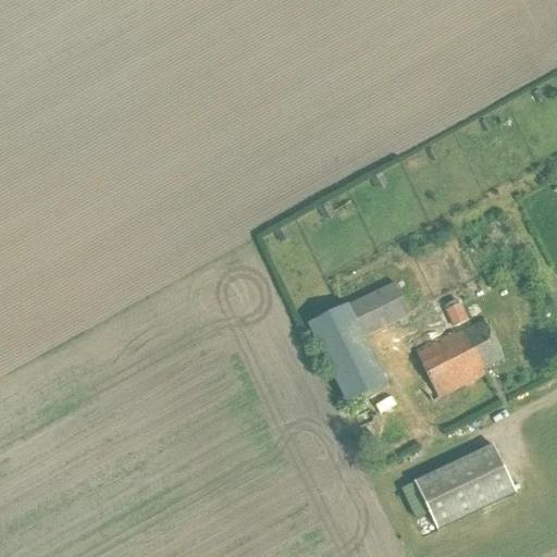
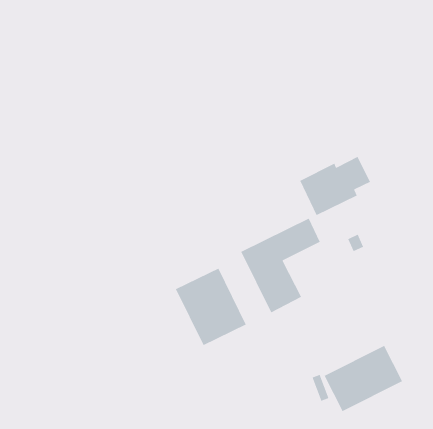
building: [409,319,502,396] -> [299,156,371,216]
building: none -> [175,268,247,346]

